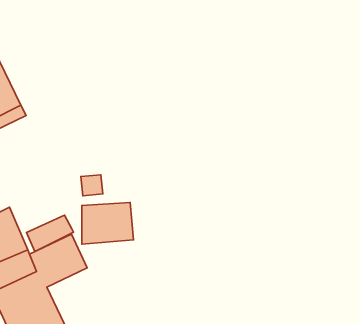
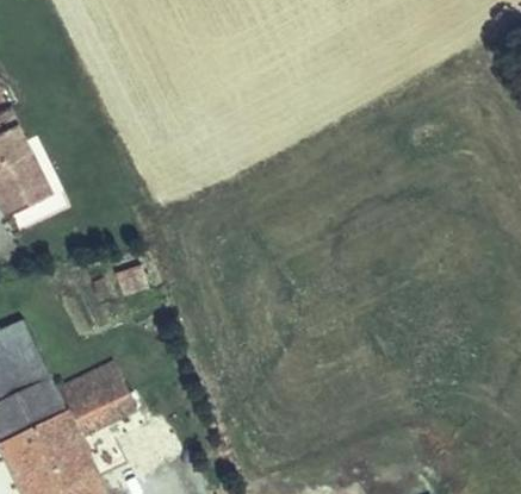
building: [82,202,134,244] -> none
building: [27,215,74,251] -> none

